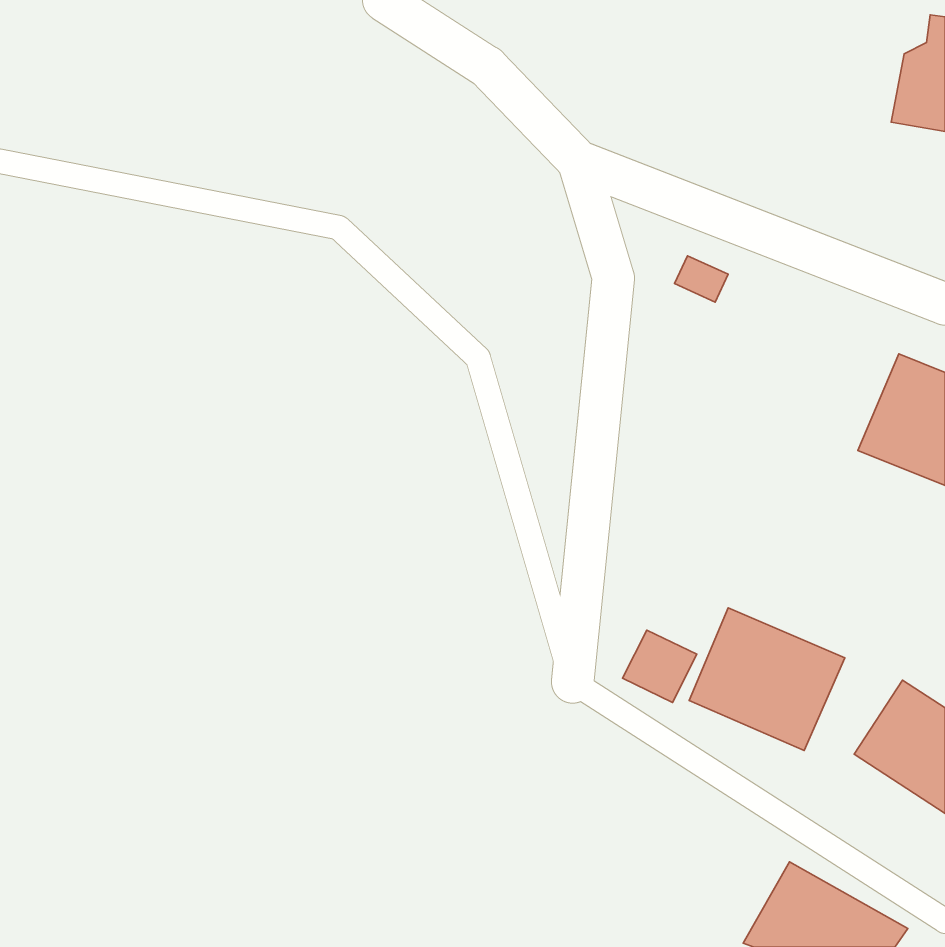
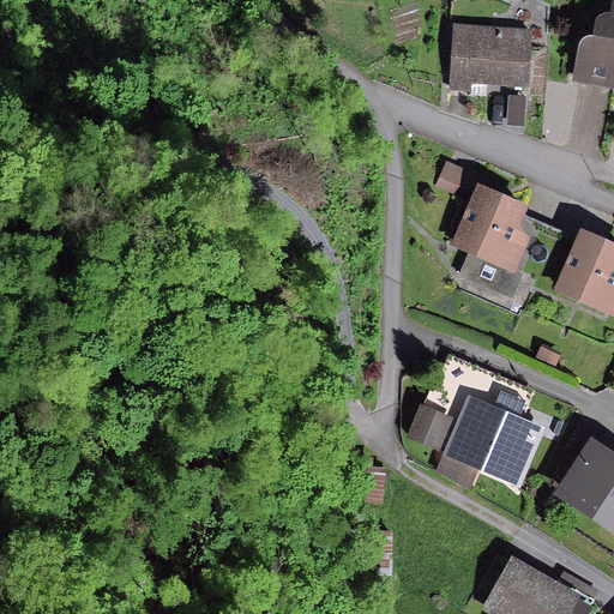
building: none -> [450,25,534,94]
building: none -> [456,182,537,300]

